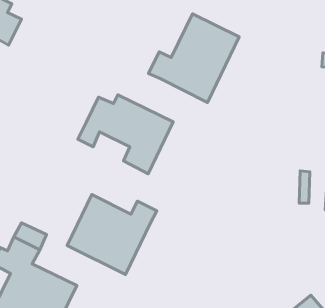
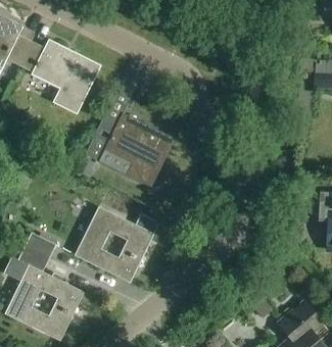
building: [149,14,239,102] -> none
building: none -> [19,39,101,113]

